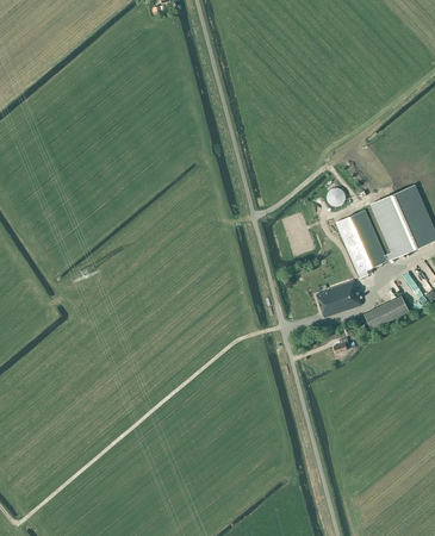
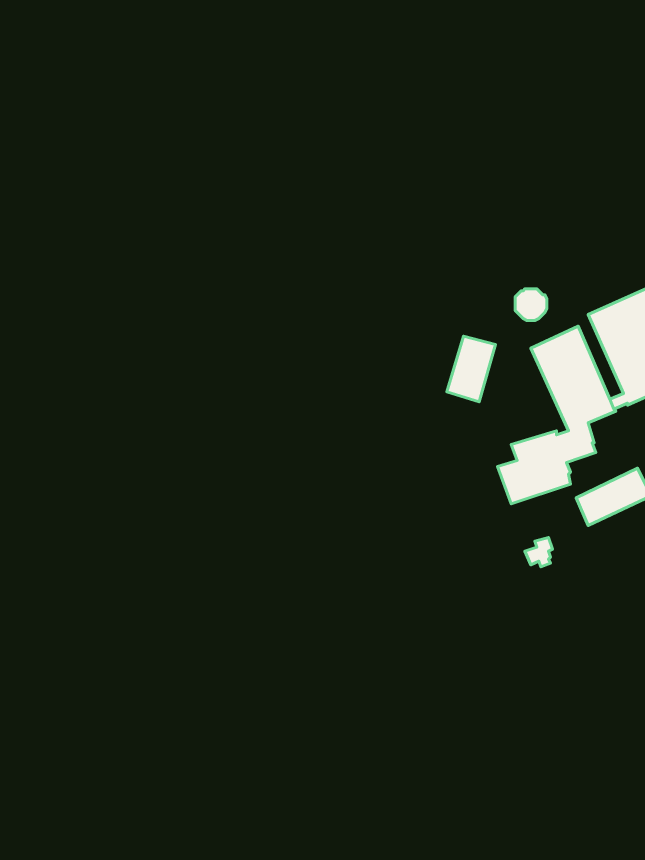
building: none -> [447,336,495,402]

